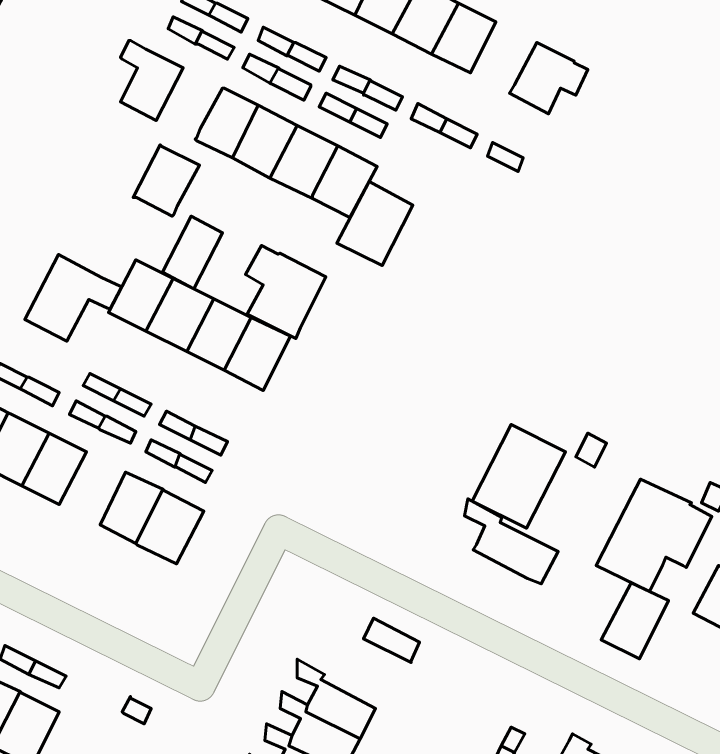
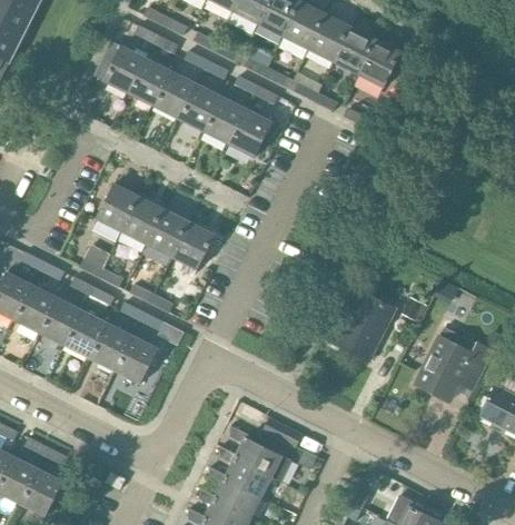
building: none -> [334,29,377,76]
building: [133,145,199,216] -> [128,59,171,106]
building: [337,181,413,266] -> none
building: [162,216,223,289] -> none
building: [245,246,326,338] -> none
building: [25,254,121,341] -> none
building: none -> [65,310,108,358]
building: [465,499,558,584] -> [230,426,291,482]
building: [601,583,669,659] -> none

